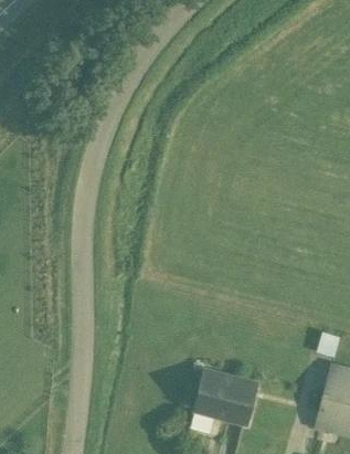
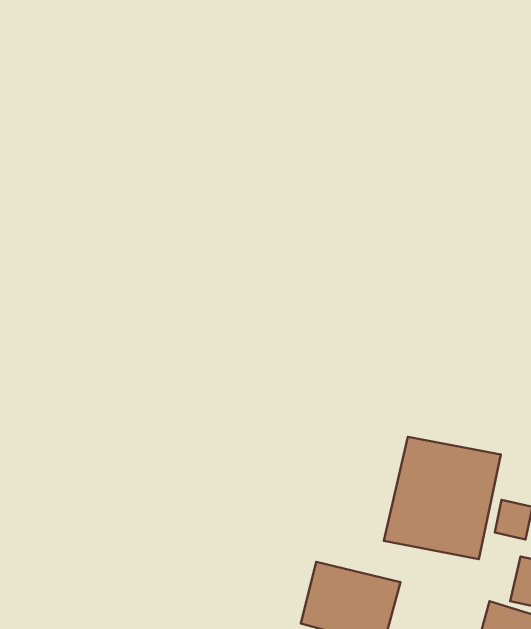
building: none -> [384,437,501,559]

